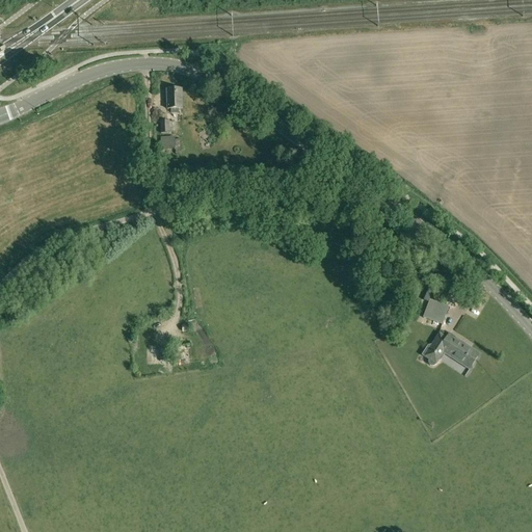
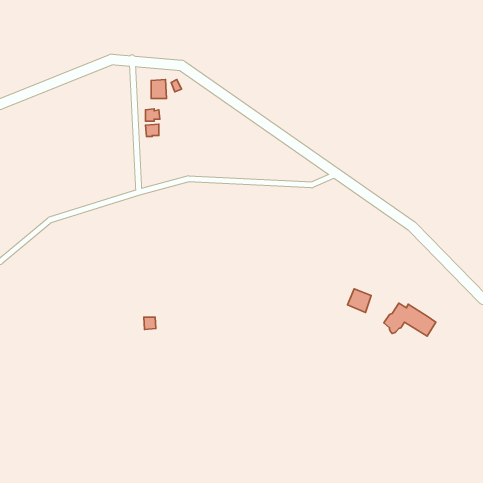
building: [423,298,449,324] -> [348,289,371,313]

